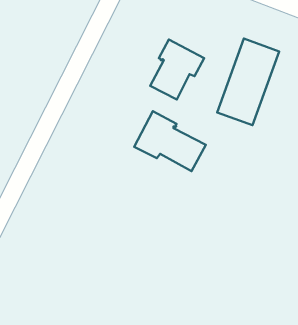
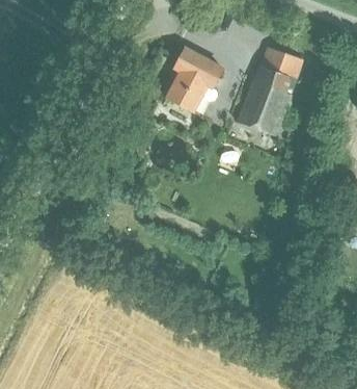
building: [134,111,206,171] -> none

